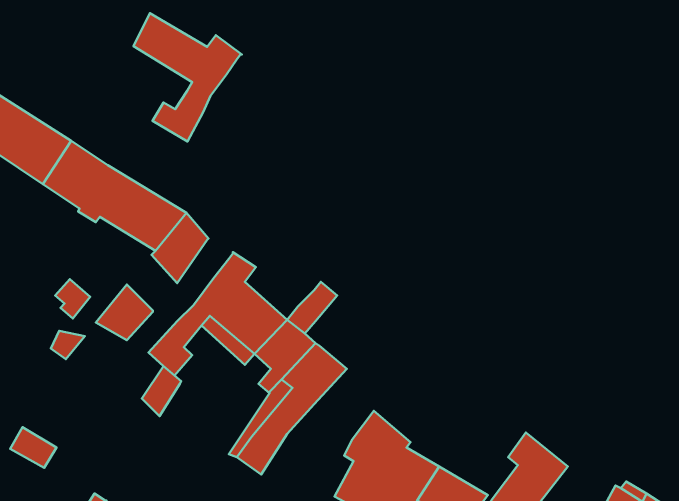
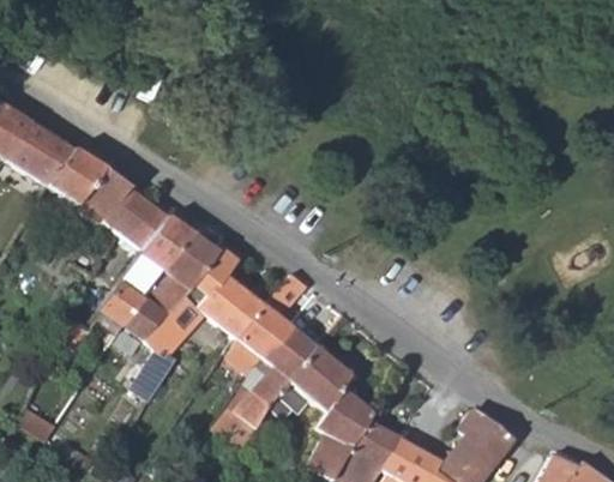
building: [134,13,242,141] -> none
building: none -> [125,236,215,337]
building: none -> [290,351,348,414]

